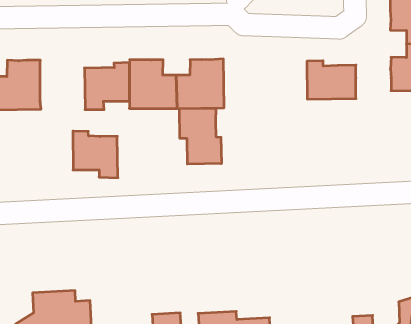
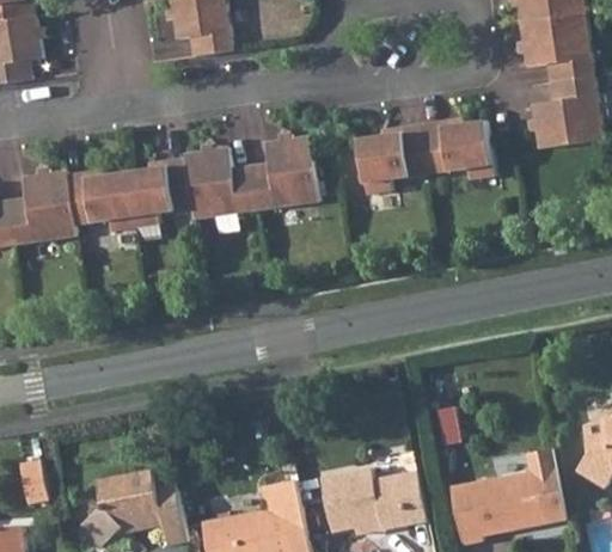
building: none -> [356,124,426,184]
building: [179,108,221,164] -> none
building: [73,131,118,178] -> [65,172,133,231]

